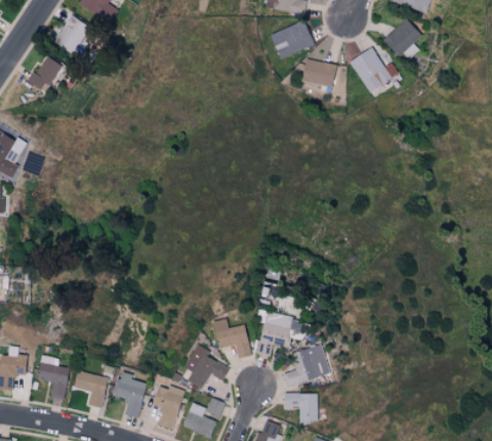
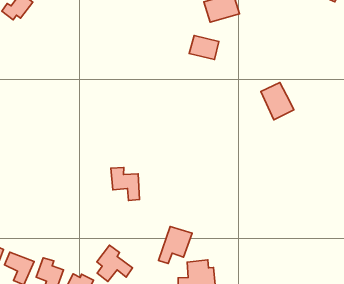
building: [383,17,422,56] -> none
building: [348,46,392,92] -> [261,82,294,120]
building: [301,59,335,85] -> [189,35,219,60]
building: [212,319,252,358] -> [111,168,140,201]

